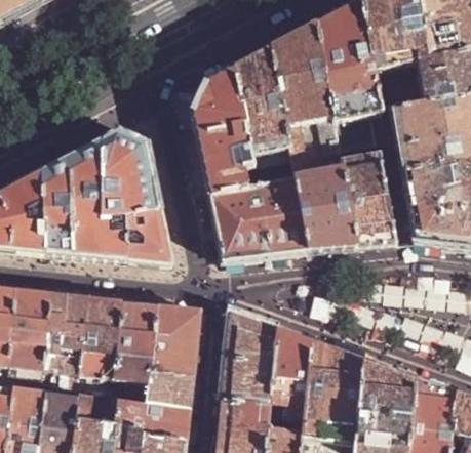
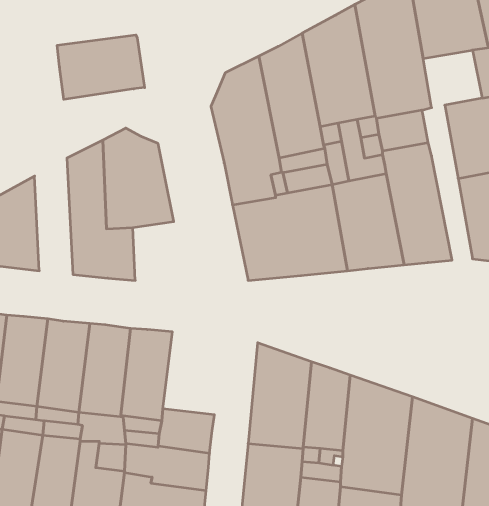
building: none -> [57,35,145,99]
building: [372,63,423,112] -> none
building: [40,155,73,254] -> none
building: [124,209,171,263] -> none
building: [150,303,201,374] -> none

